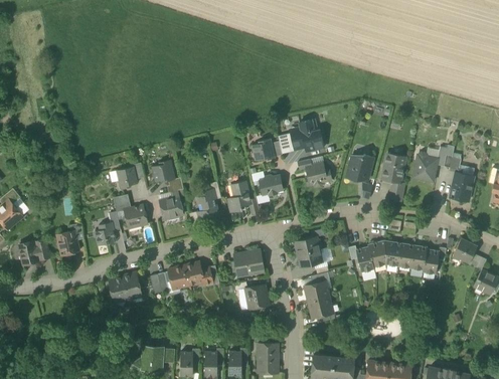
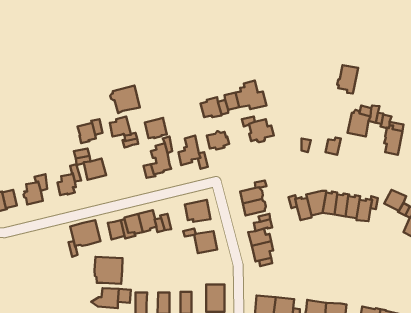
building: none -> [110,86,140,113]
building: [381,154,404,185] -> [337,65,358,94]
building: [345,155,373,180] -> none
building: [159,196,183,218] -> [145,118,167,138]
building: none -> [95,257,122,284]

